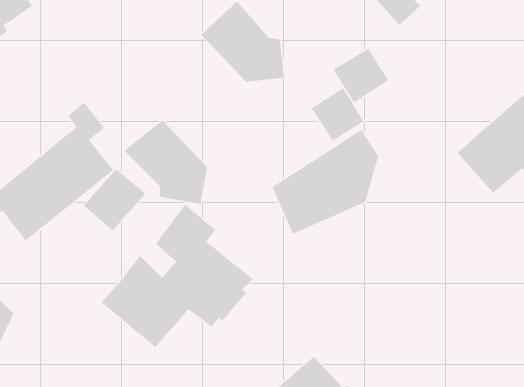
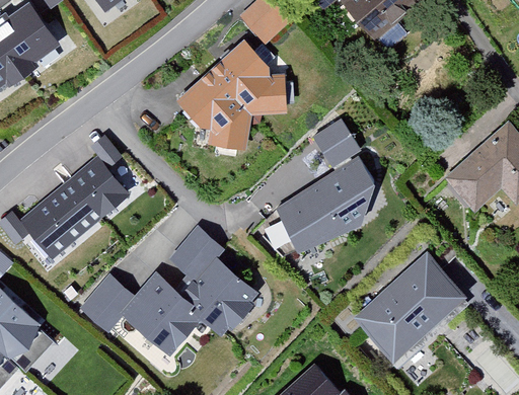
building: [333,48,389,103] -> none
building: [124,119,208,205] -> [174,71,251,149]
building: [83,168,146,231] -> [77,273,135,331]
building: none -> [354,252,468,364]

